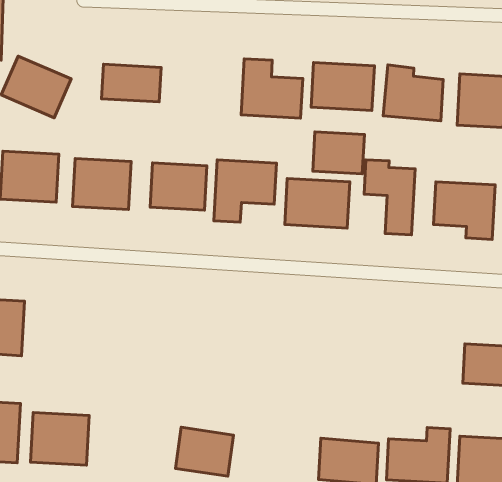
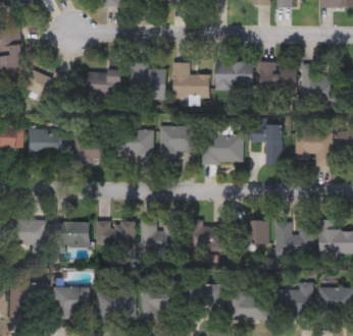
building: none -> [131,67,166,99]
building: [313,132,364,174] -> none
building: none -> [140,217,177,251]
building: none -> [53,222,90,254]
building: none -> [97,220,135,248]
building: none -> [189,222,221,251]
building: none -> [243,220,269,245]
building: none -> [276,222,313,256]
building: none -> [97,290,135,319]
building: none -> [198,285,221,315]

